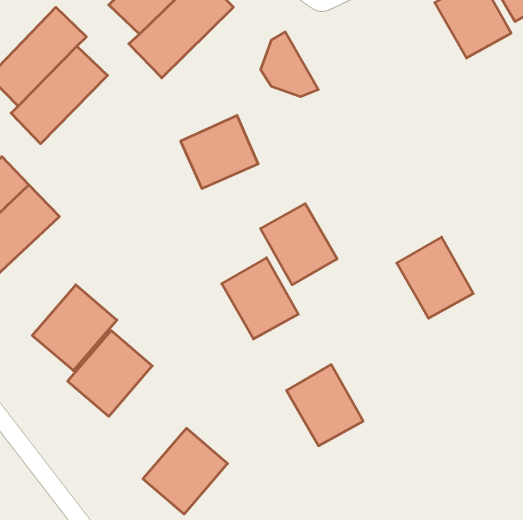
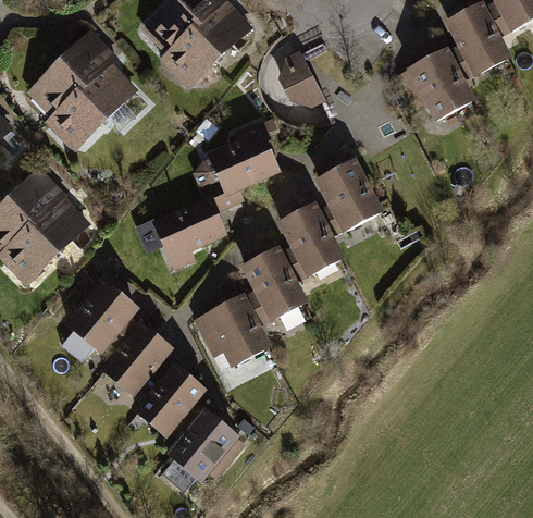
building: none -> [399,42,470,116]
building: none -> [152,193,230,261]
building: [397,237,473,318] -> [317,163,387,238]
building: [287,365,363,446] -> [198,293,269,368]
building: none -> [131,370,209,449]

